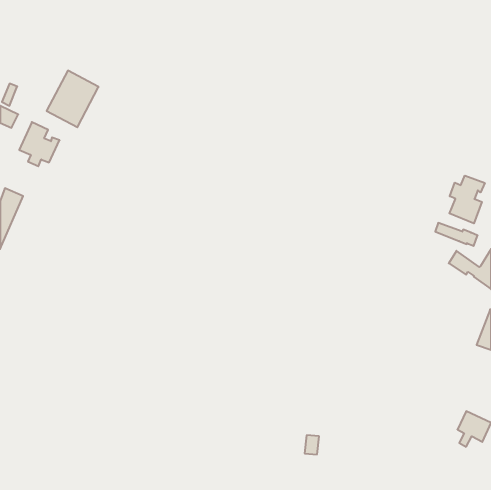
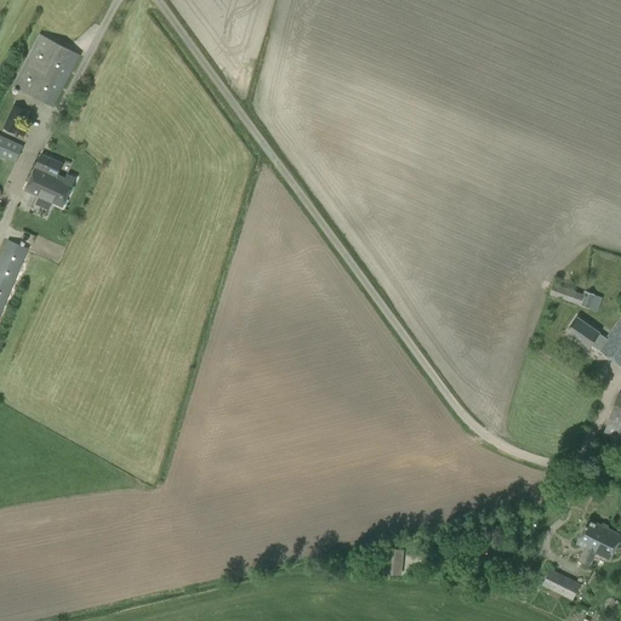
building: [47,71,99,127] -> [13,33,79,104]
building: [449,176,485,223] -> none
building: none -> [541,568,580,599]

